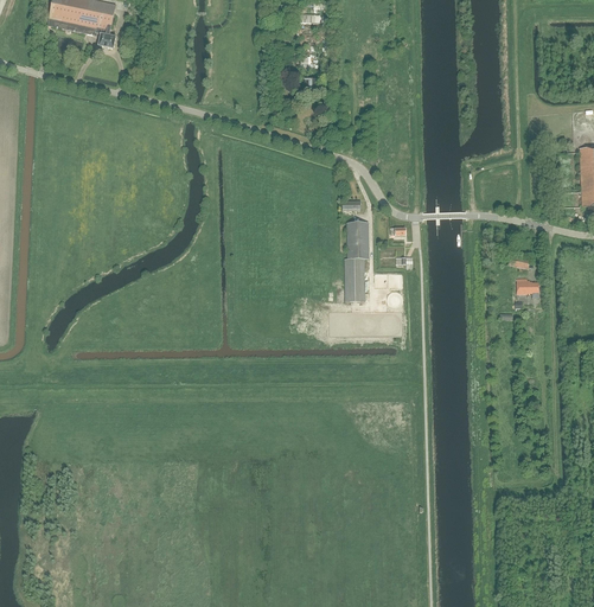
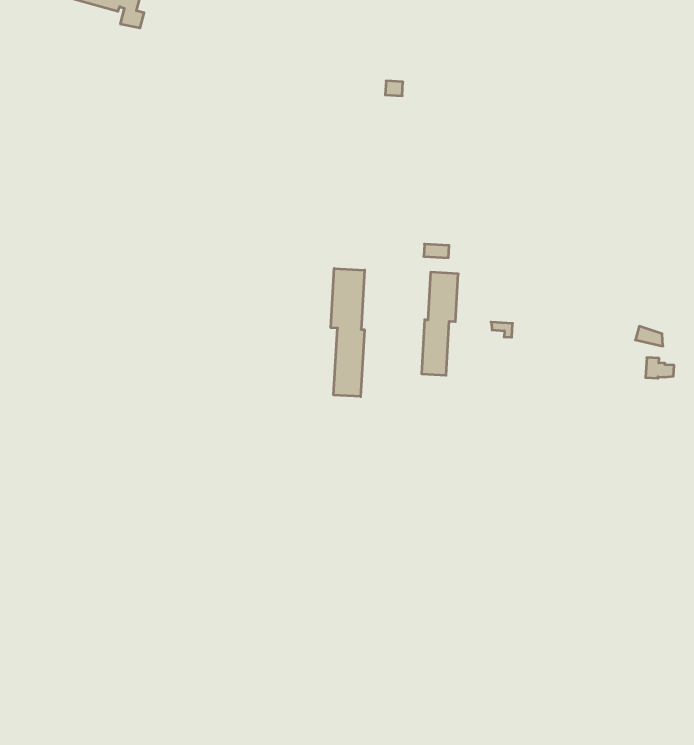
building: none -> [331,268,365,397]

